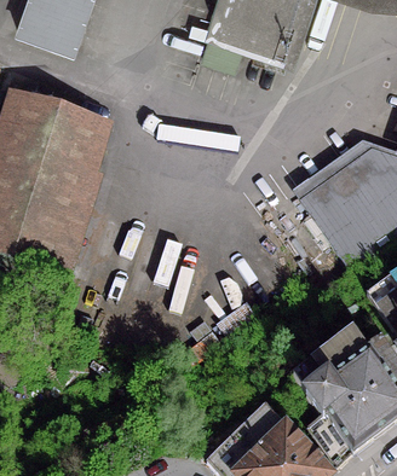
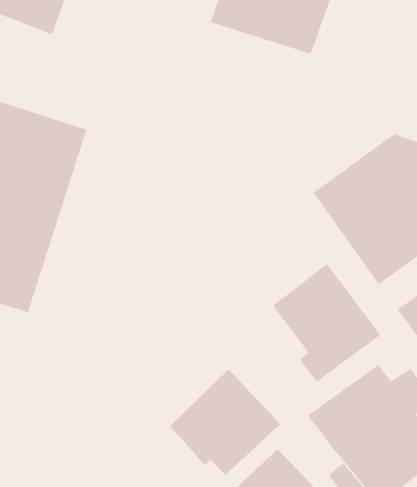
building: none -> [272,263,381,383]
building: none -> [169,369,282,476]

